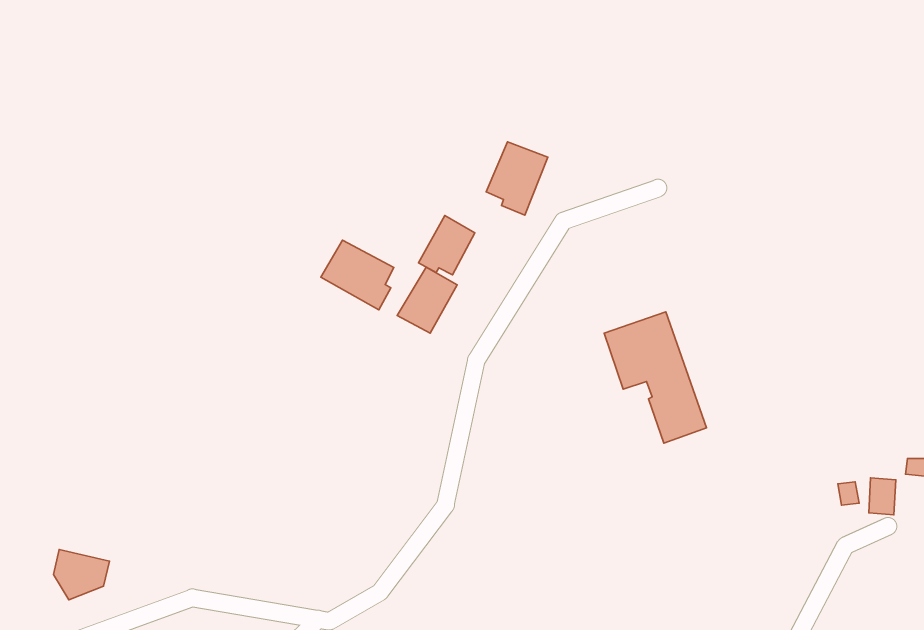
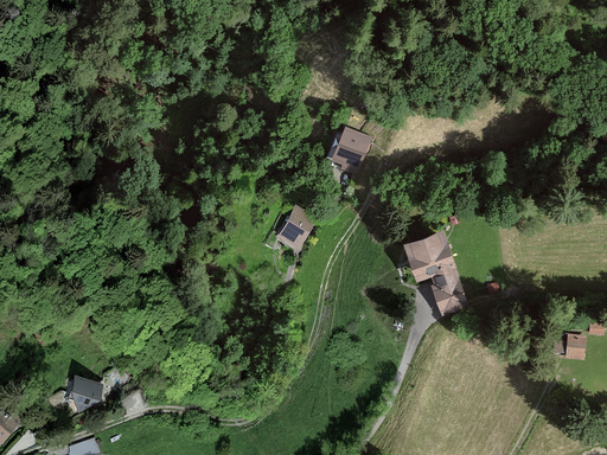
building: [418,215,475,275] -> none
building: [321,240,394,310] -> none

